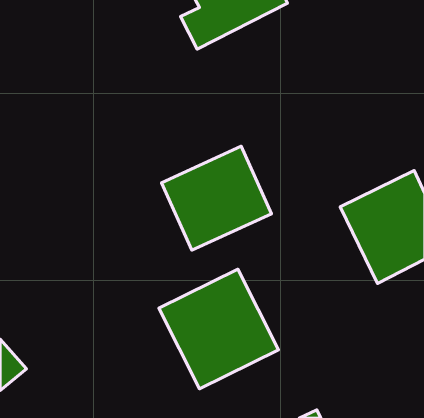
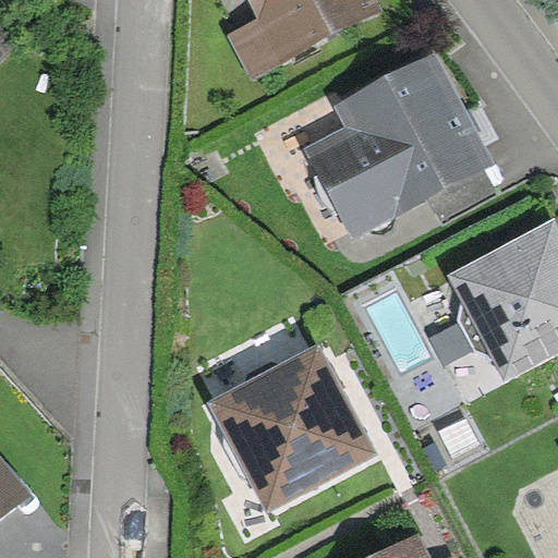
building: none -> [311,68,478,240]
building: [161,146,272,250] -> none

